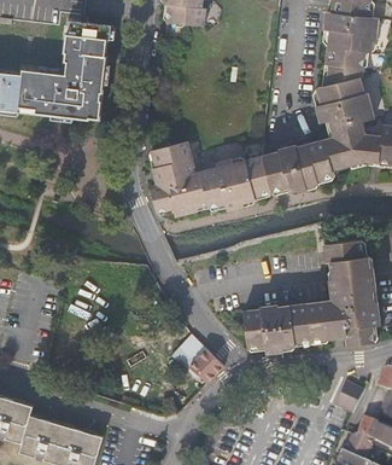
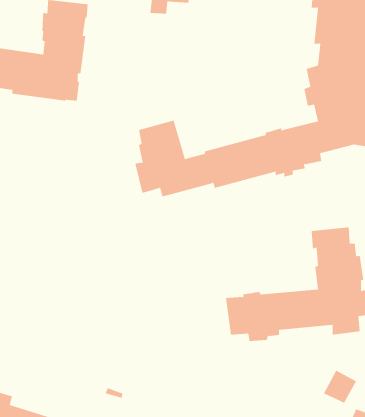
building: [176,337,223,384] -> none

